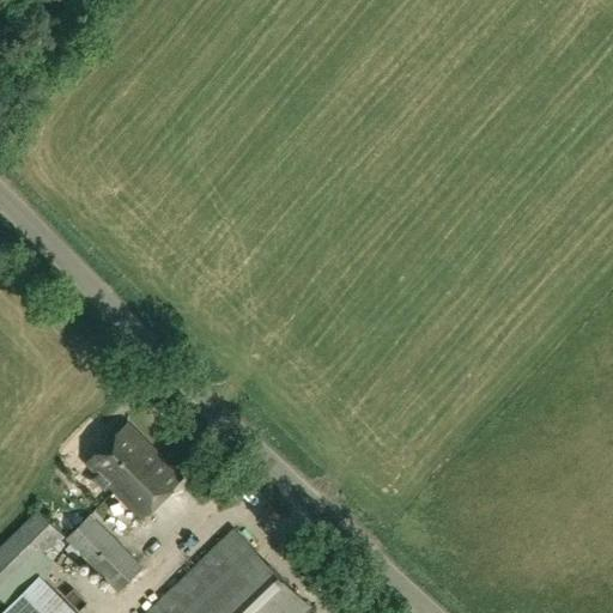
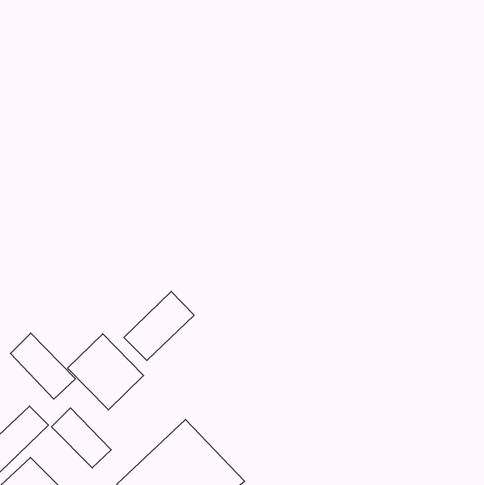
building: none -> [124,291,194,360]
building: none -> [10,333,75,399]

